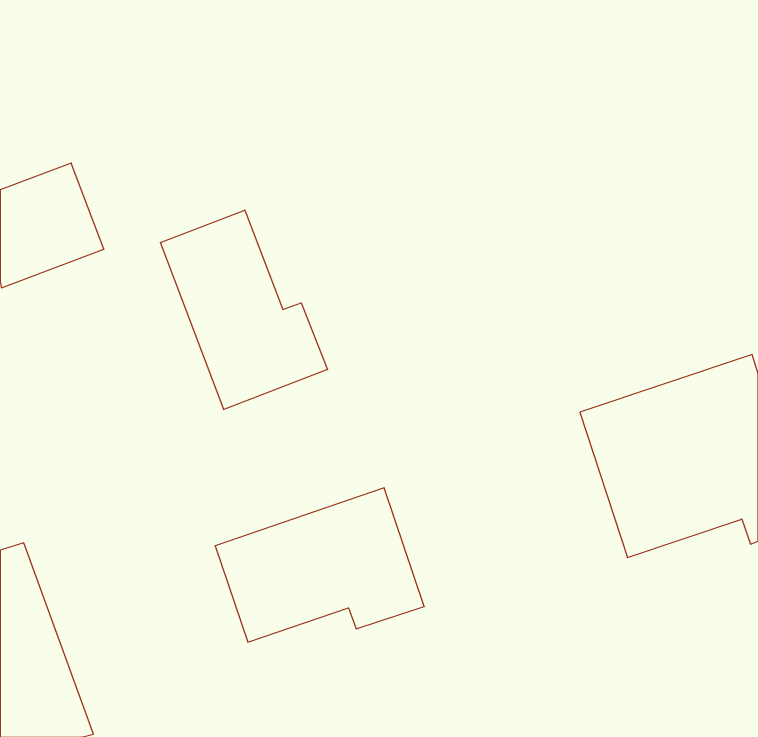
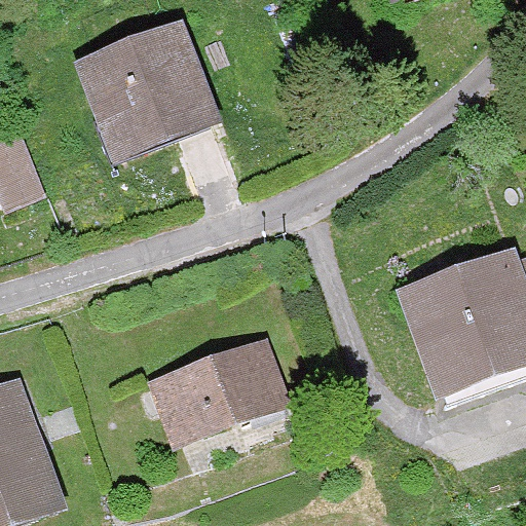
building: none -> [79,22,219,160]
building: [160,210,328,410] -> none

